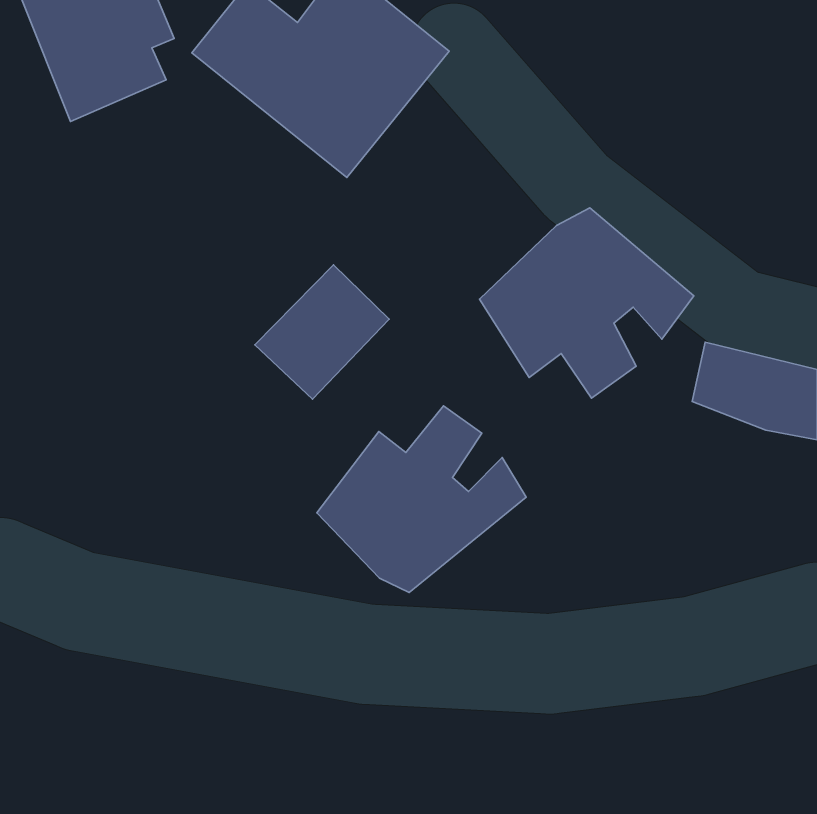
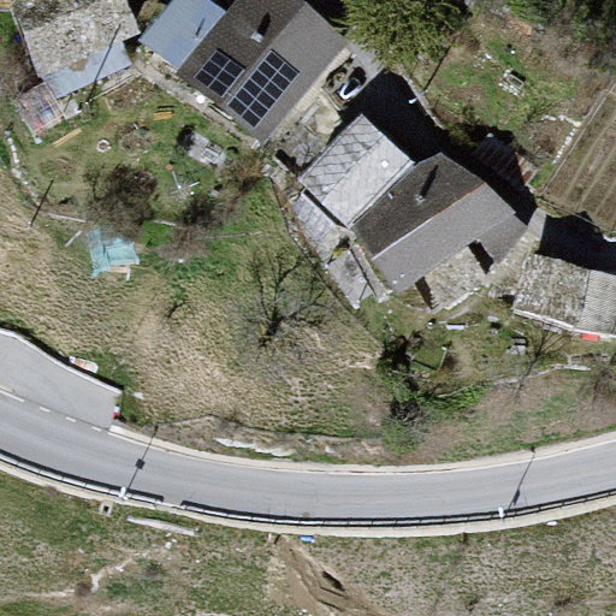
building: [255,265,389,399] -> [302,118,403,219]
building: [317,406,526,592] -> none

